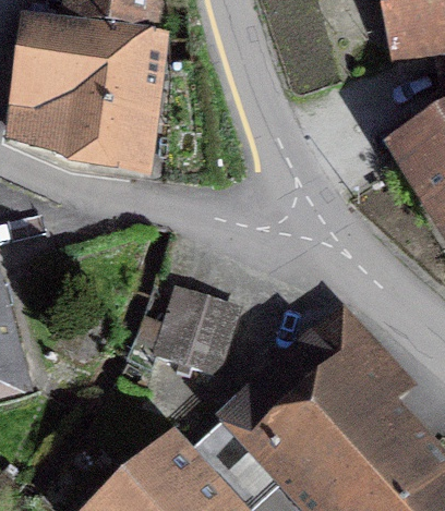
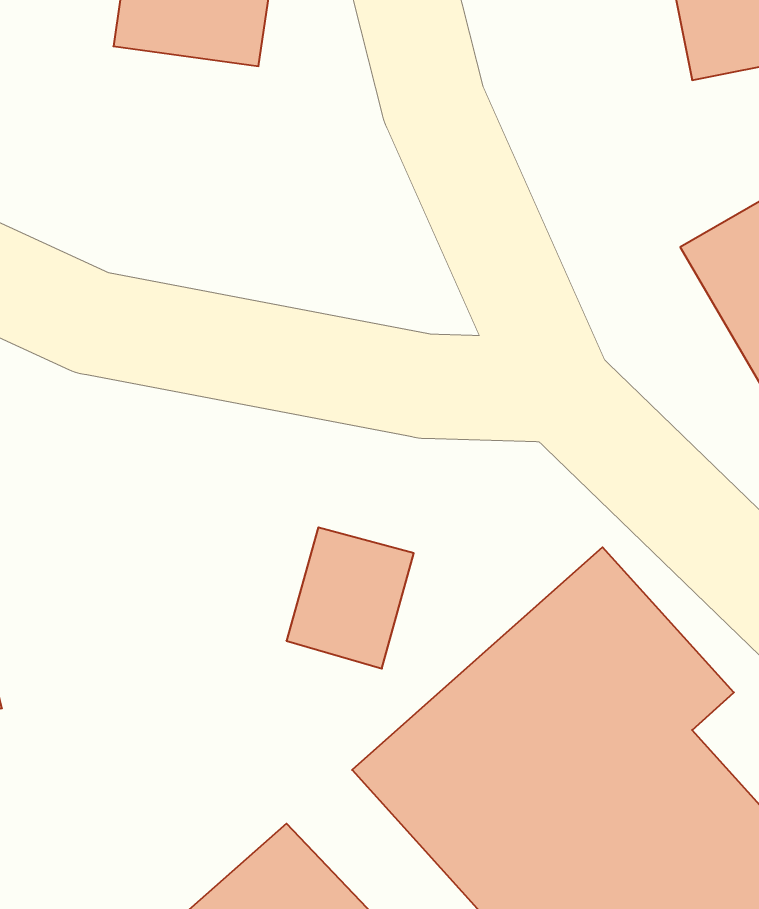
building: [19,27,166,156] -> none

